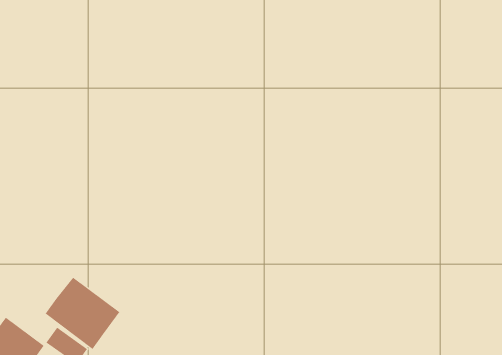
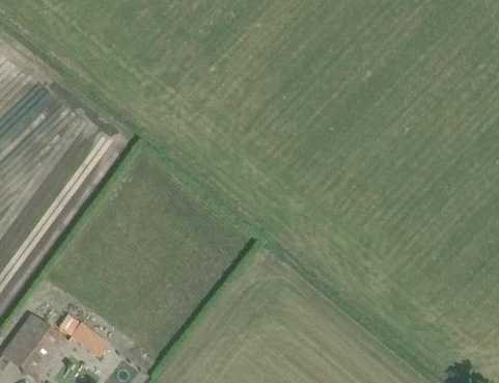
building: [45,277,120,350] -> none

